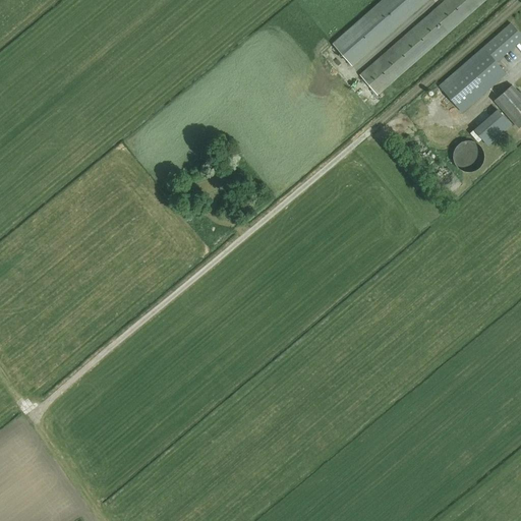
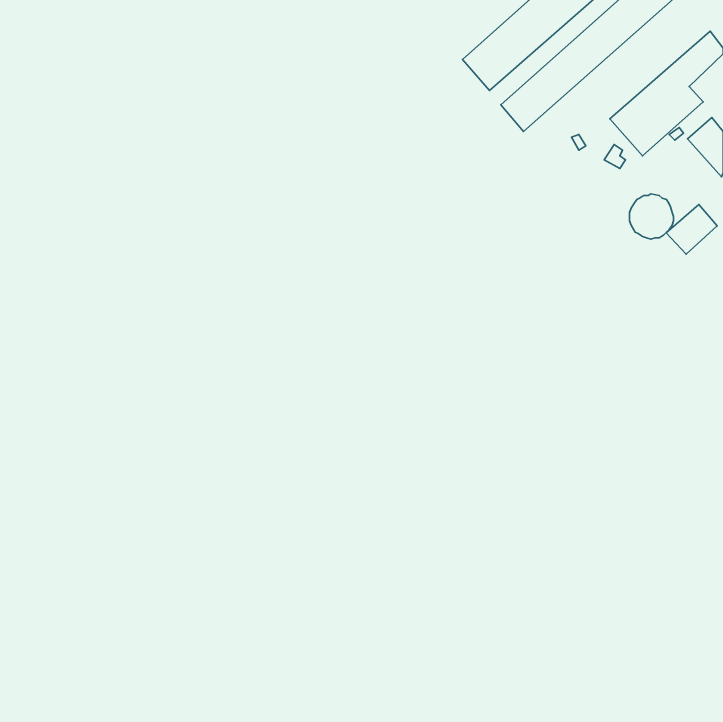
building: [474,109,511,144] -> [666,205,717,254]

